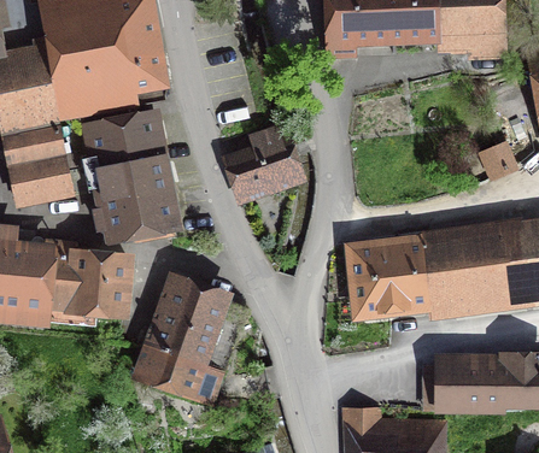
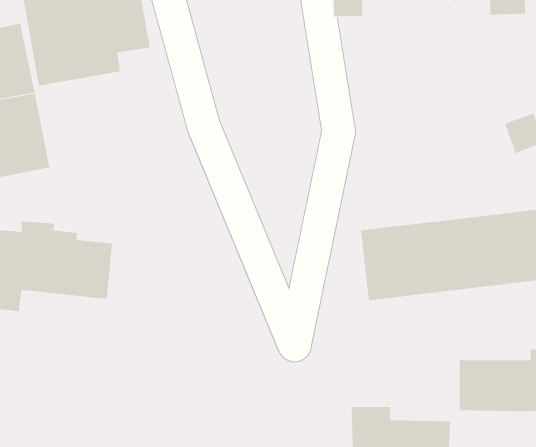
building: [75,105,174,242] -> none
building: [230,128,293,192] -> none
building: [142,283,247,400] -> none

